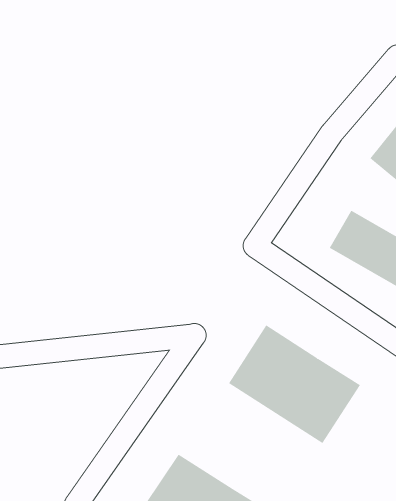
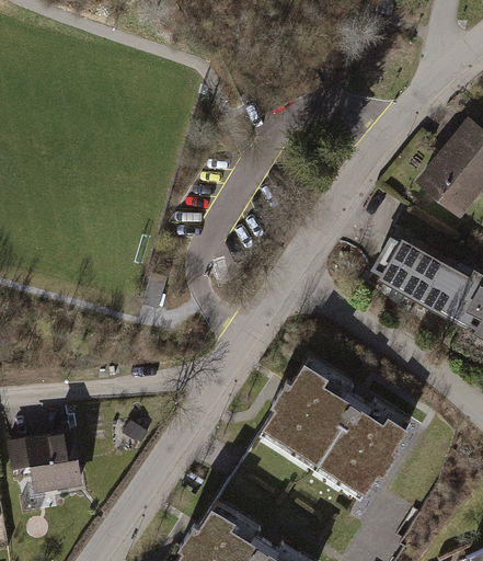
building: none -> [21,437,83,503]

